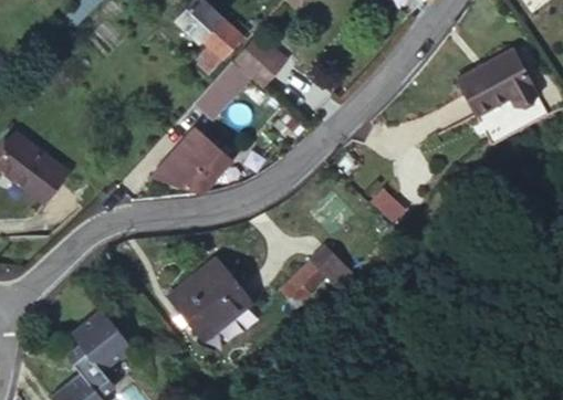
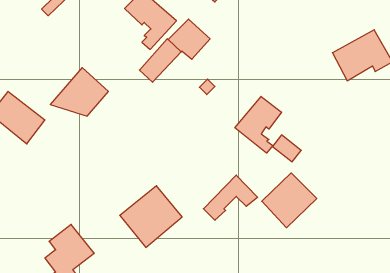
building: [153,127,231,192] -> [50,68,108,116]
building: none -> [235,96,282,153]
building: none -> [262,173,317,228]

